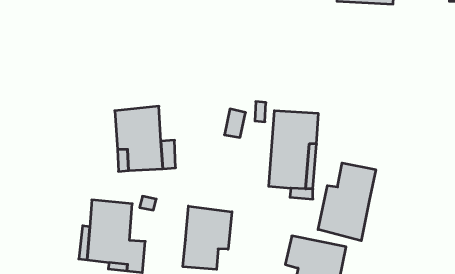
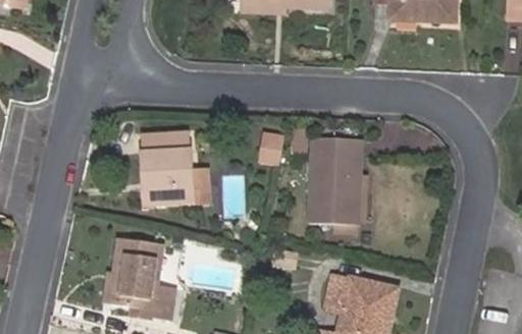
building: [318,163,376,241] -> none
building: [183,206,232,269] -> none

